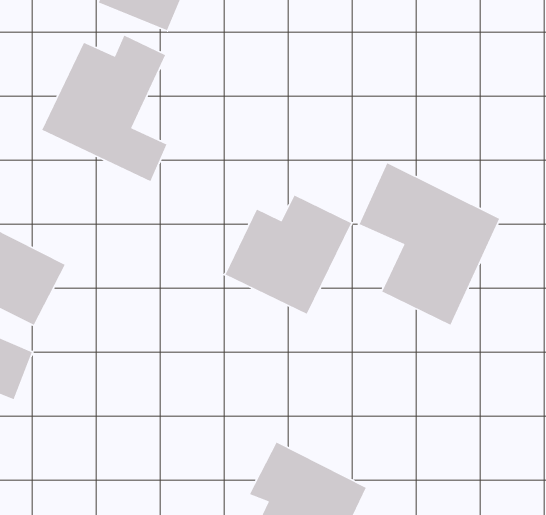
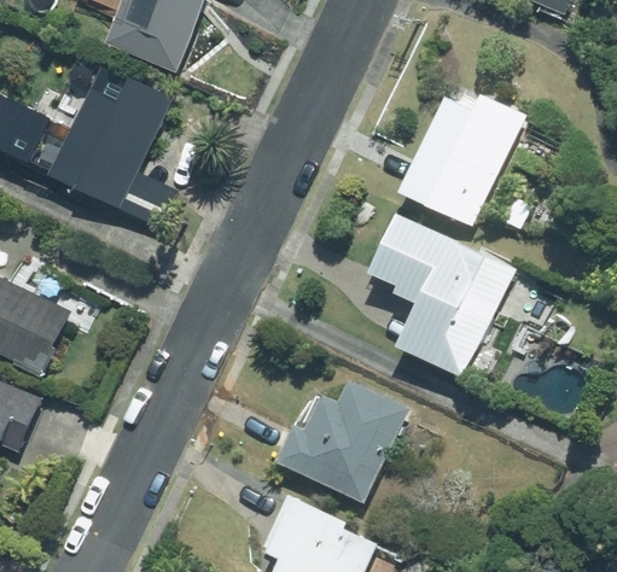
building: none -> [401,93,526,224]
building: [225,194,352,315] -> [278,378,408,501]

